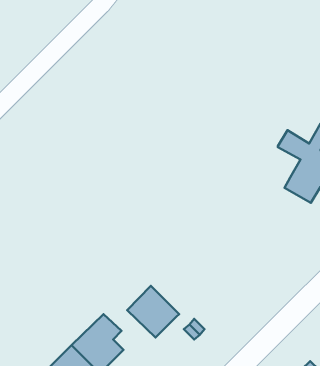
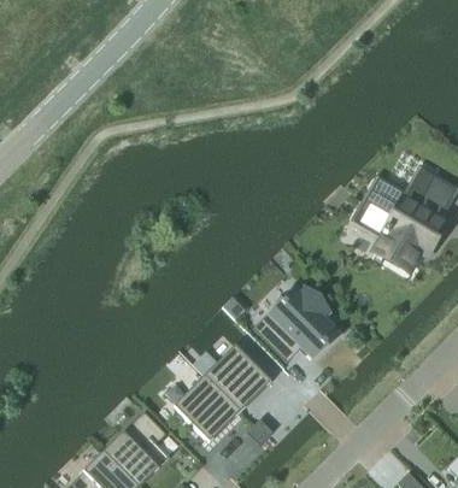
building: none -> [252,287,336,361]
building: none -> [202,346,269,412]

